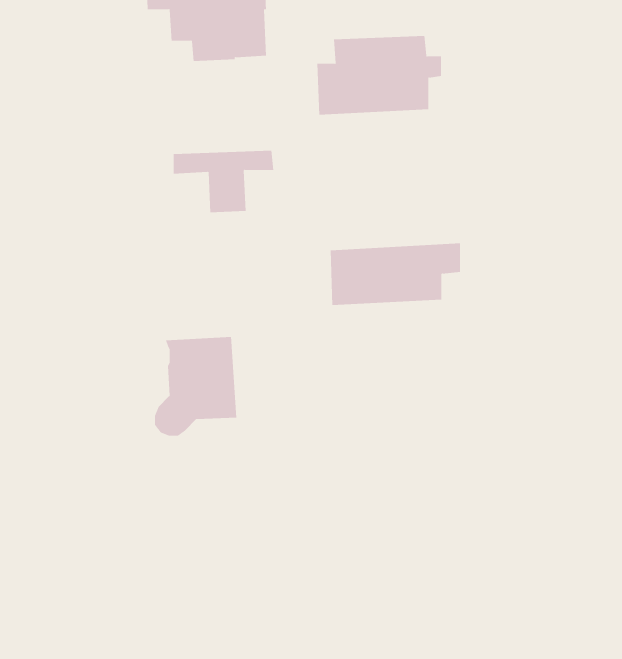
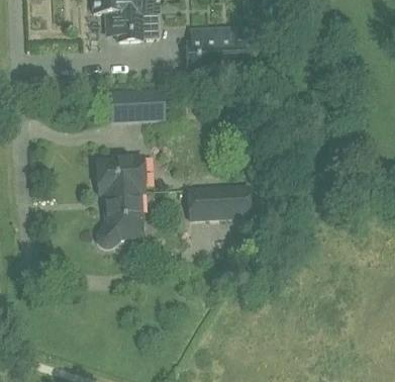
building: [330,243,461,306] -> [189,185,261,219]
building: none -> [95,155,145,193]

